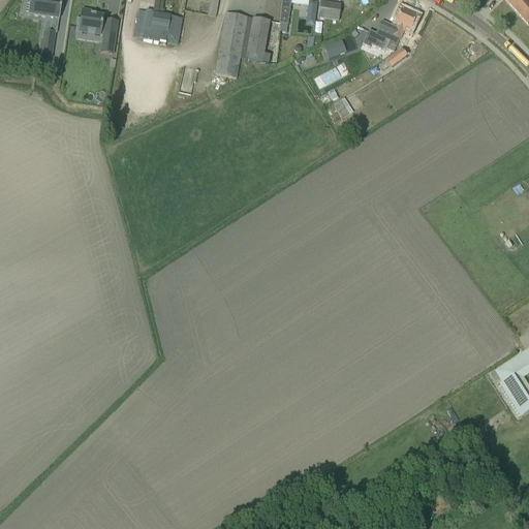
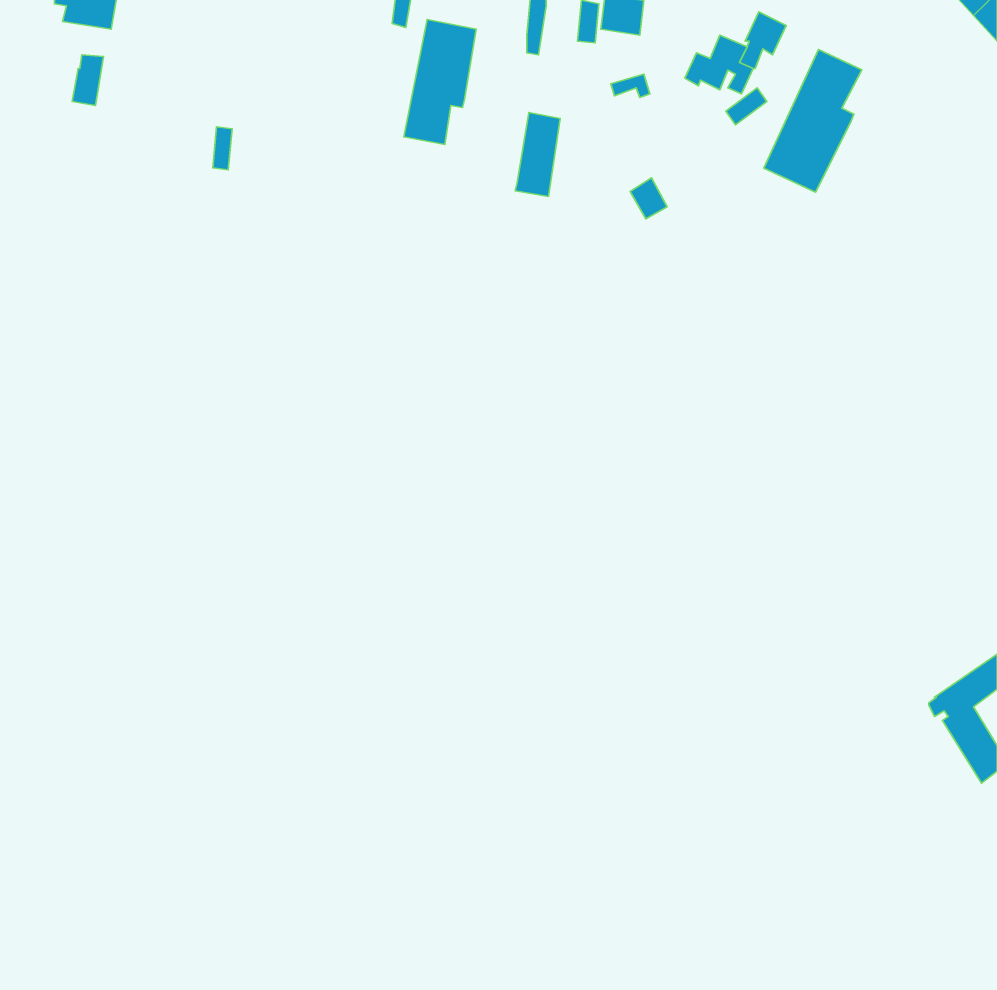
building: [79,8,119,53] -> none
building: [137,8,182,42] -> none
building: [245,15,269,60] -> [515,113,560,197]
building: none -> [764,49,862,192]

